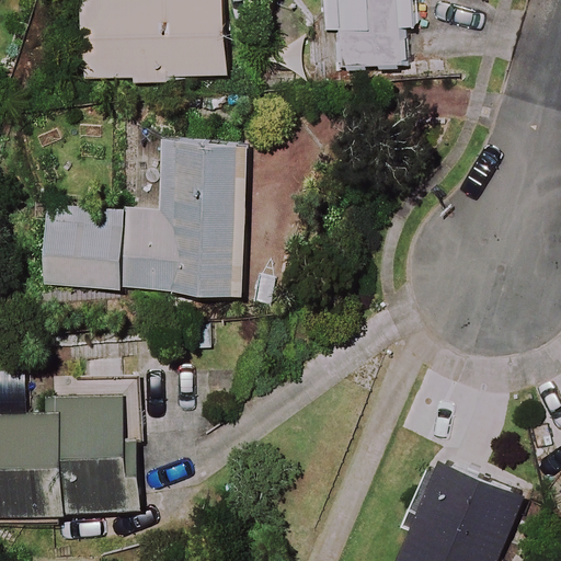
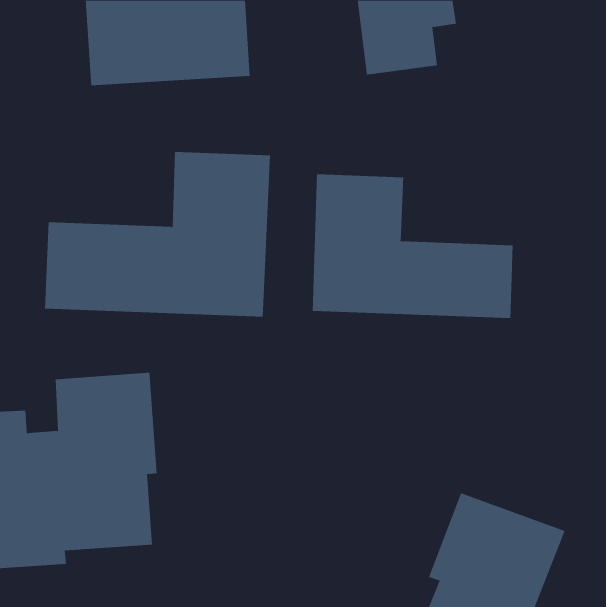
building: none -> [312,173,513,319]

